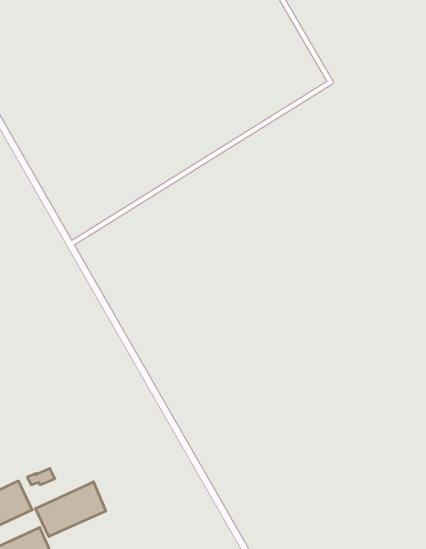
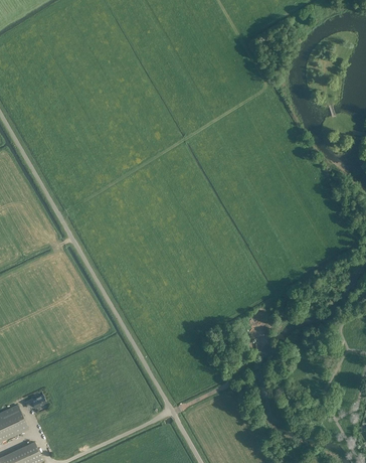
building: [36,482,106,537] -> none

